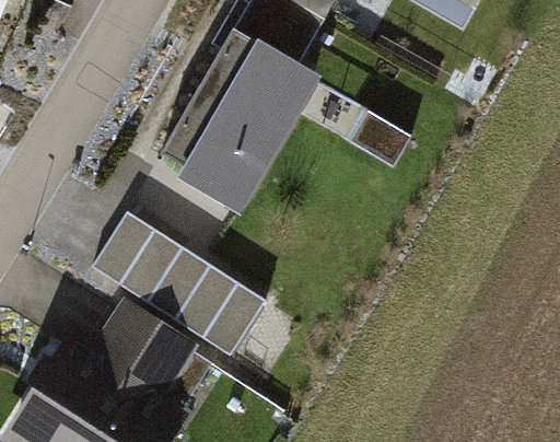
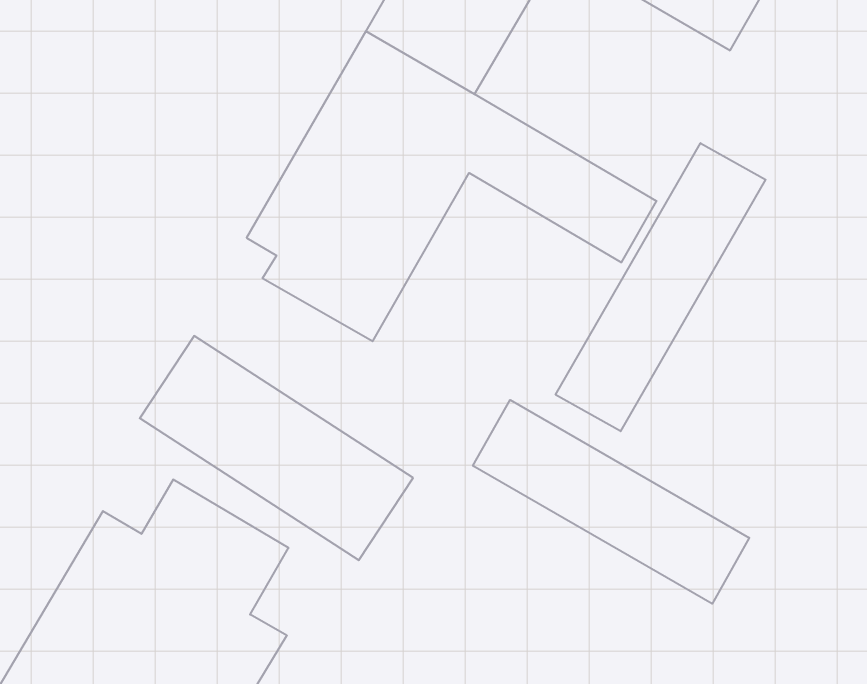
building: none -> [556,143,766,431]
building: none -> [473,400,749,604]

